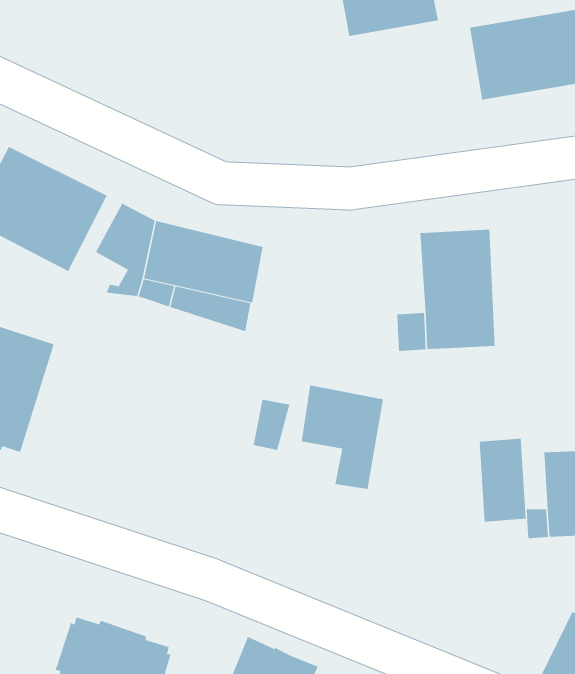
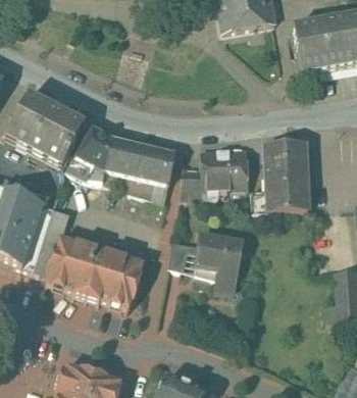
building: none -> [180,147,249,196]
building: none -> [35,207,143,309]
building: [479,438,526,522] -> none

